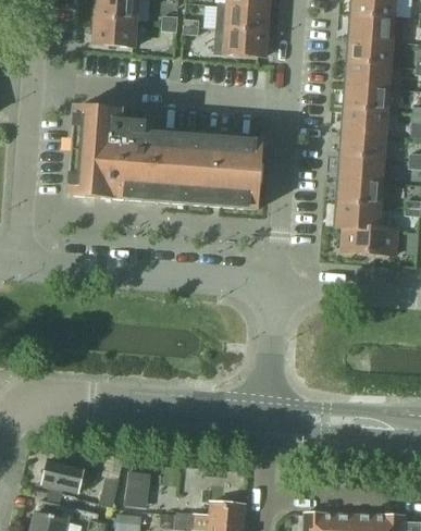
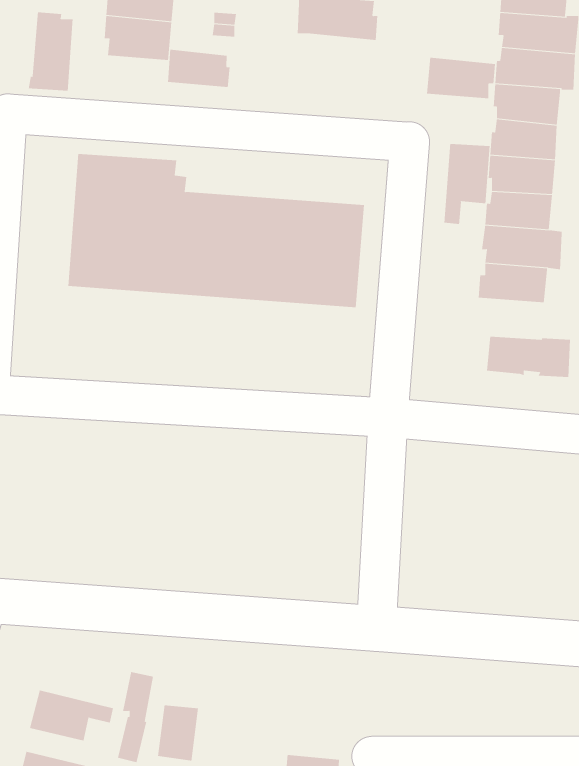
building: none -> [28,11,73,92]
building: [223,29,269,57] -> [426,57,496,99]
building: none -> [167,49,230,88]
building: none -> [444,143,490,225]
building: [334,202,379,230] -> none

